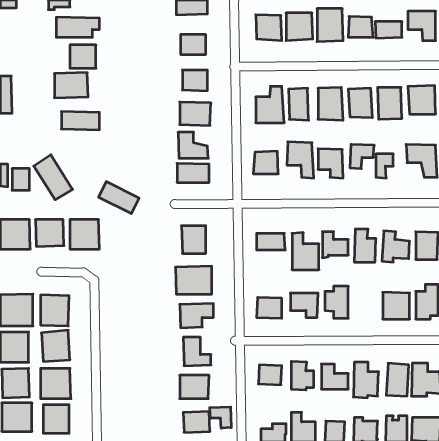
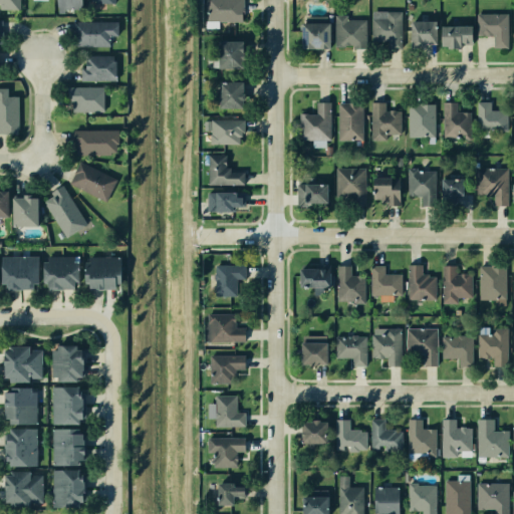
building: [99,182,139,214] -> [70,164,117,201]
building: none -> [411,332,443,369]
building: [210,407,231,428] -> none

